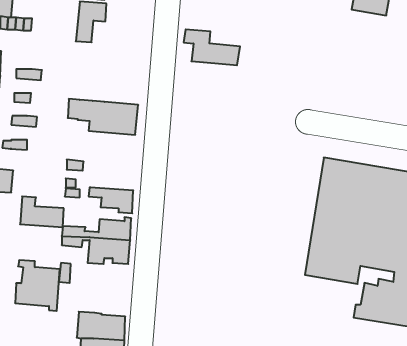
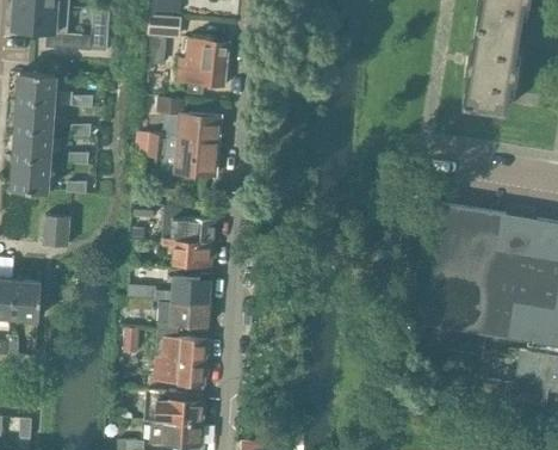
building: none -> [463,26,519,111]
building: none -> [176,41,230,88]
building: [184,29,240,65] -> [155,98,223,141]
building: [20,196,64,227] -> [162,206,215,244]
building: [15,260,60,311] -> [154,331,207,392]

